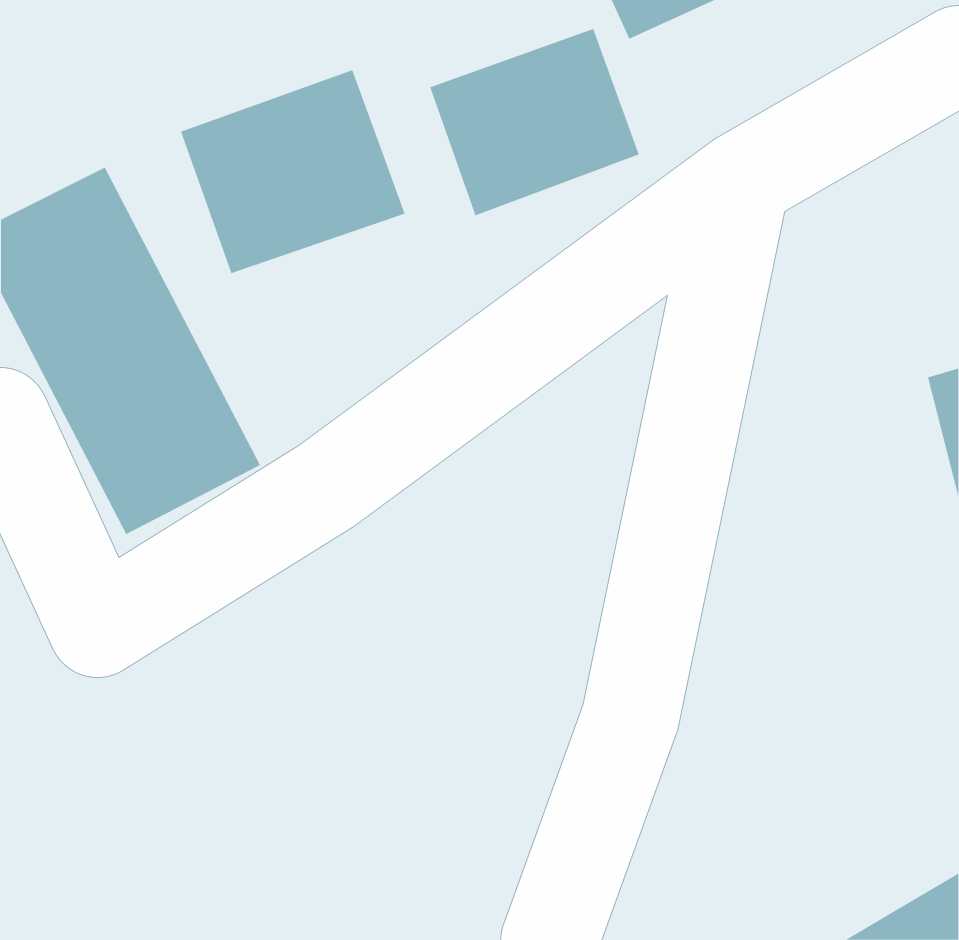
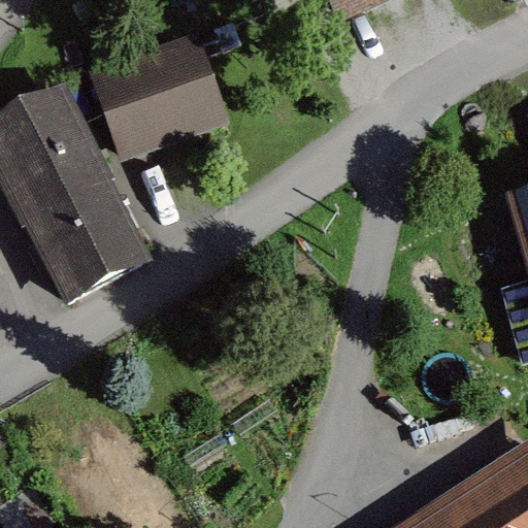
building: [430,28,640,216] -> none

